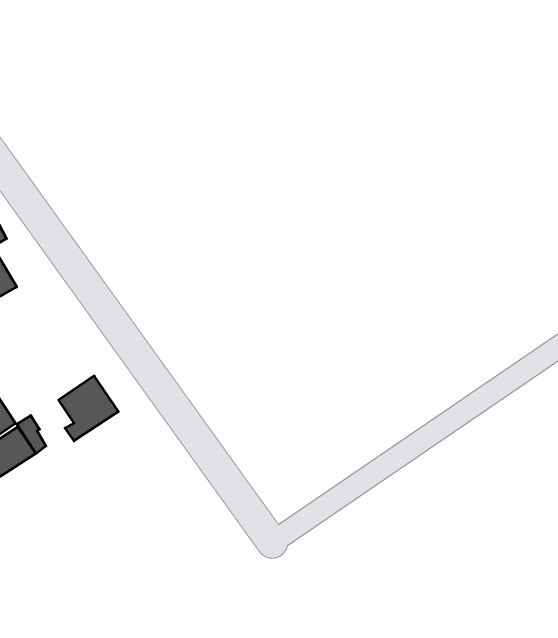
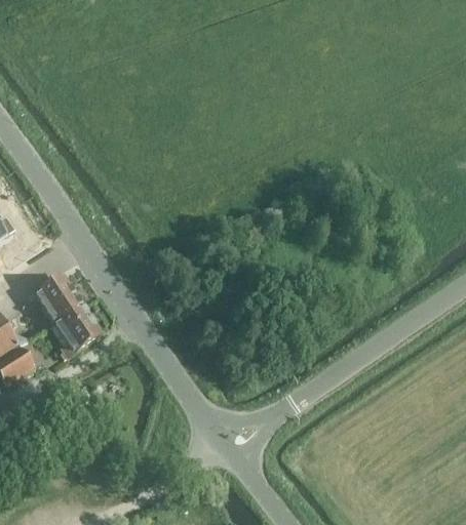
building: none -> [30,275,79,324]

